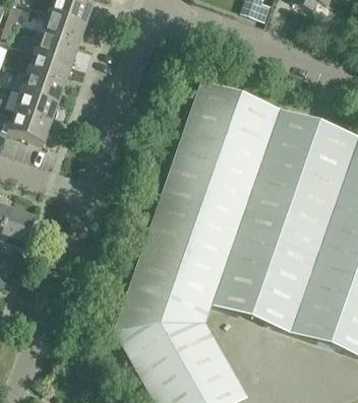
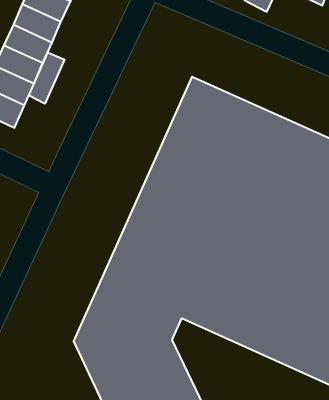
building: none -> [29,52,65,104]

